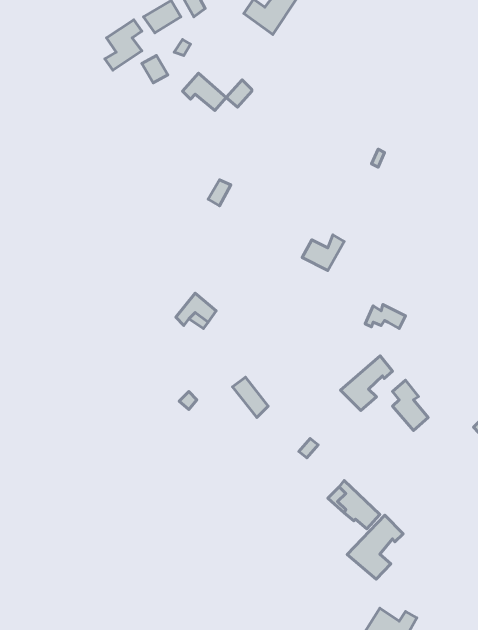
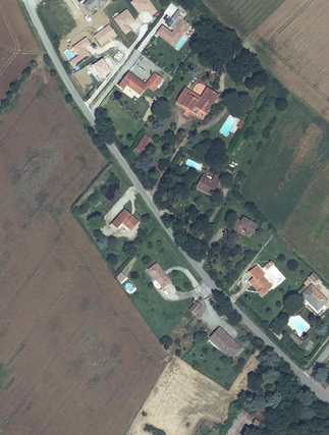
building: none -> [171,86,214,112]
building: [341,356,393,411] -> none
building: [347,515,403,579] -> none

